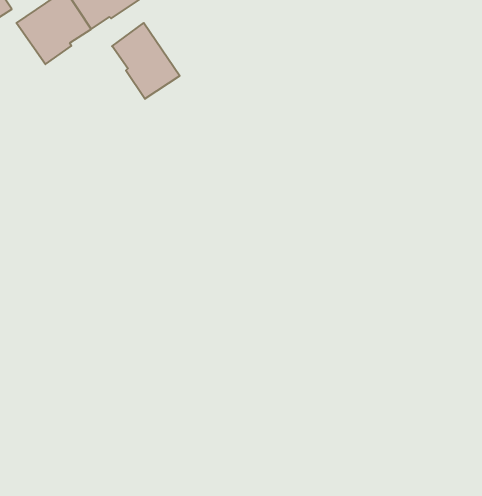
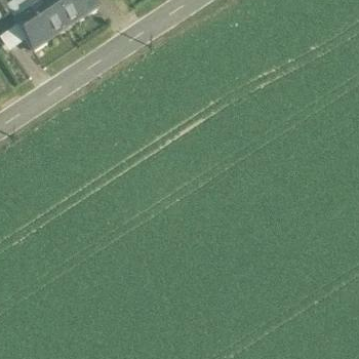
building: [112,23,180,99] -> none

